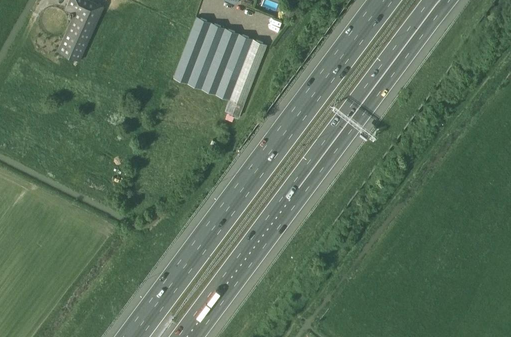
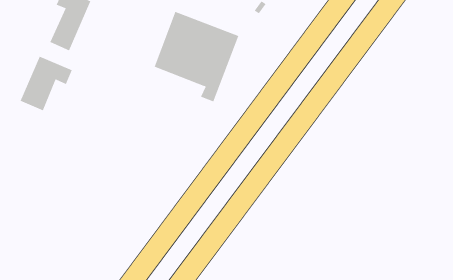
building: none -> [20,56,73,111]

